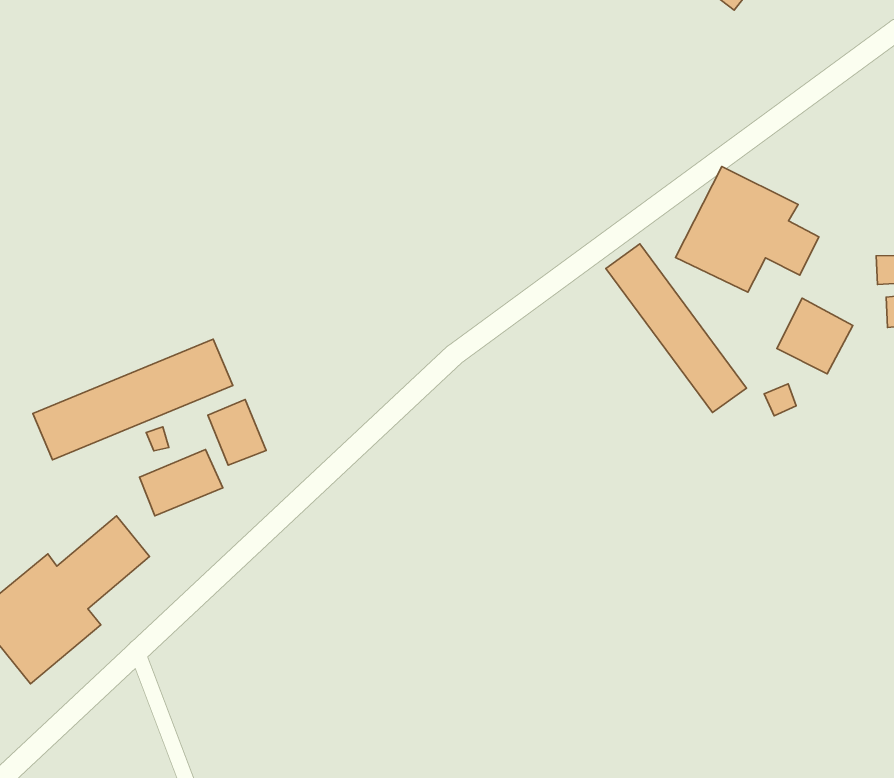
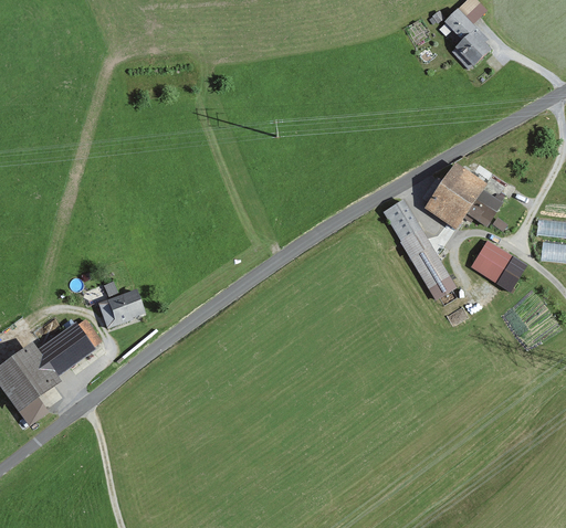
building: [33,339,233,460] -> none
building: [208,399,266,465] -> none

